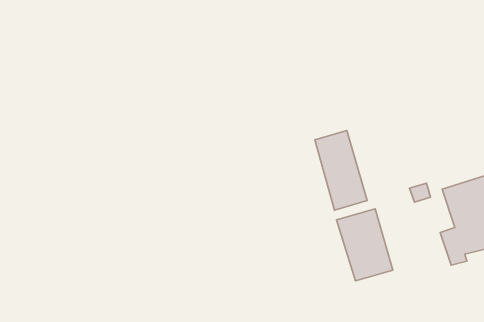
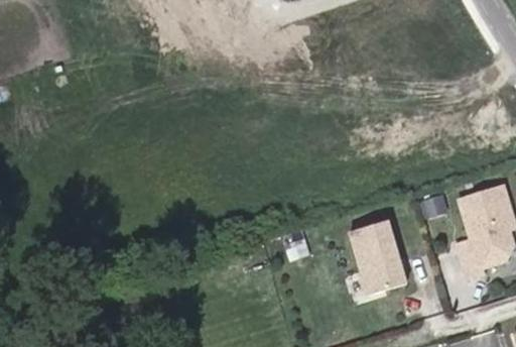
building: [315,130,367,210] -> none

